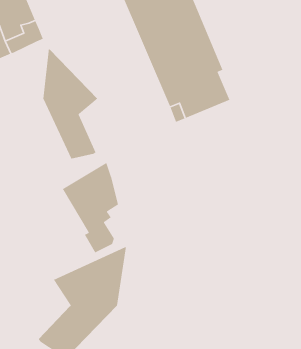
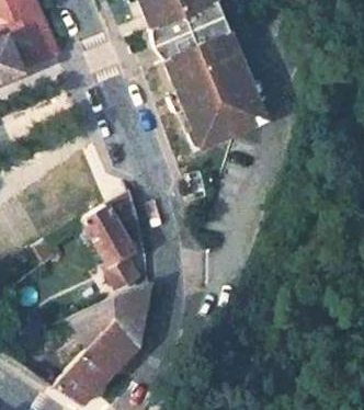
building: [42,48,98,160] -> none

